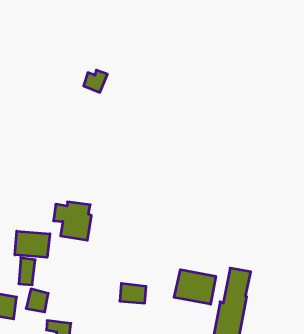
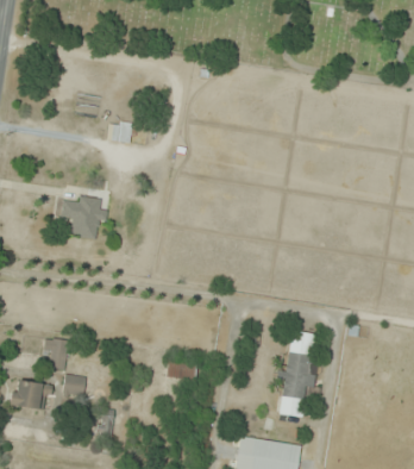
building: [53,202,91,240] -> [62,198,105,239]
building: [15,231,50,257] -> none
building: [174,270,216,304] -> none

